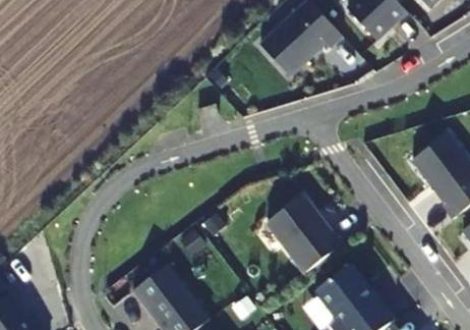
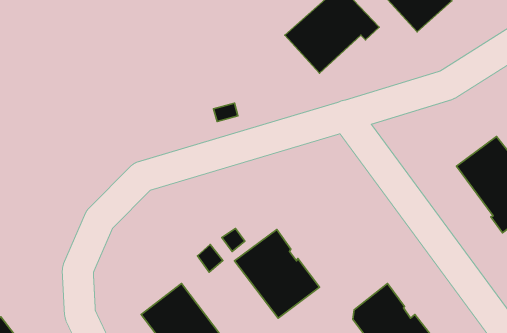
building: [266,195,341,273] -> [234,230,320,318]

